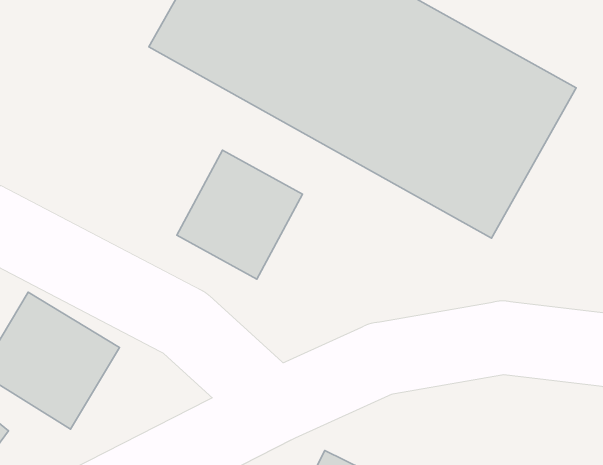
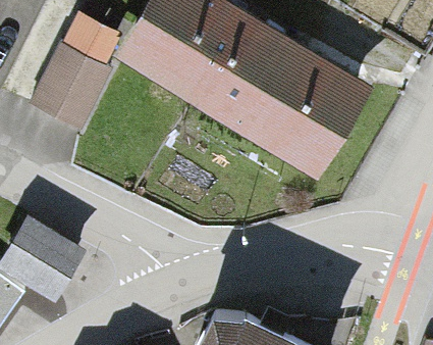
building: [177,150,302,279] -> [32,47,110,128]

